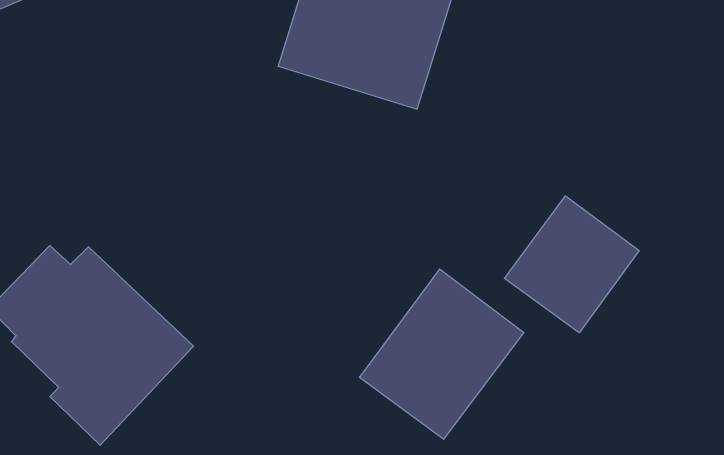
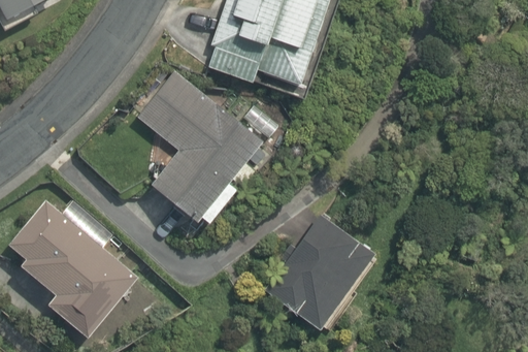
building: none -> [129,66,263,227]
building: [504,196,639,333] -> none

